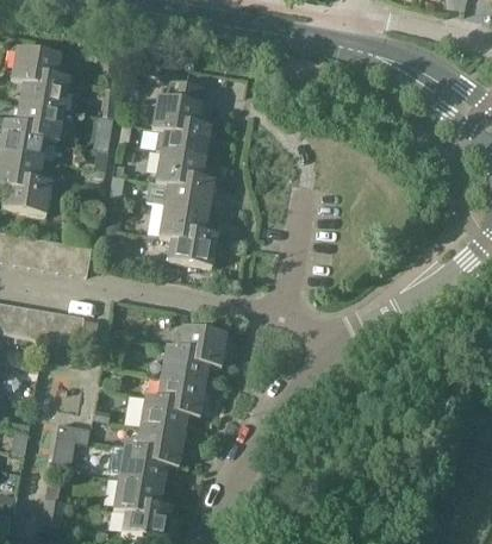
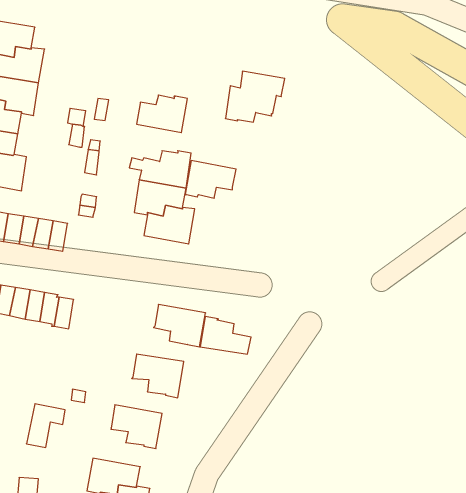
building: [151,79,210,129] -> [225,71,285,122]
building: [154,148,204,185] -> [185,161,236,198]
building: [160,344,210,381] -> [200,317,251,354]
building: [138,394,188,432] -> none
building: [117,444,167,484] -> none

